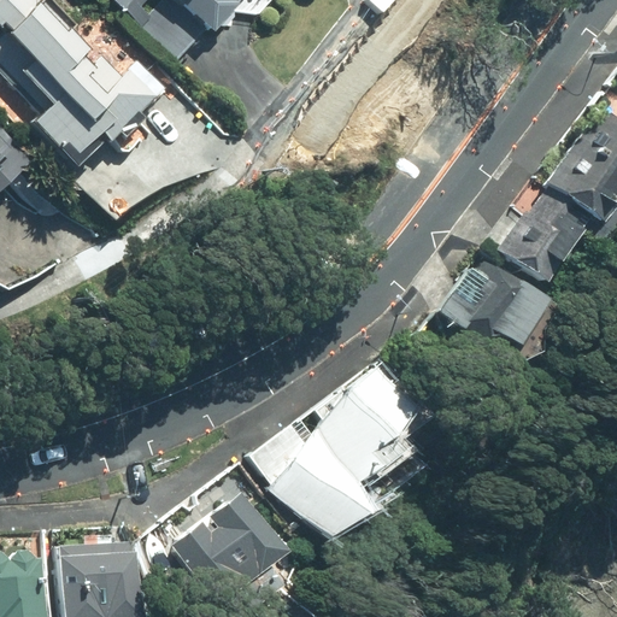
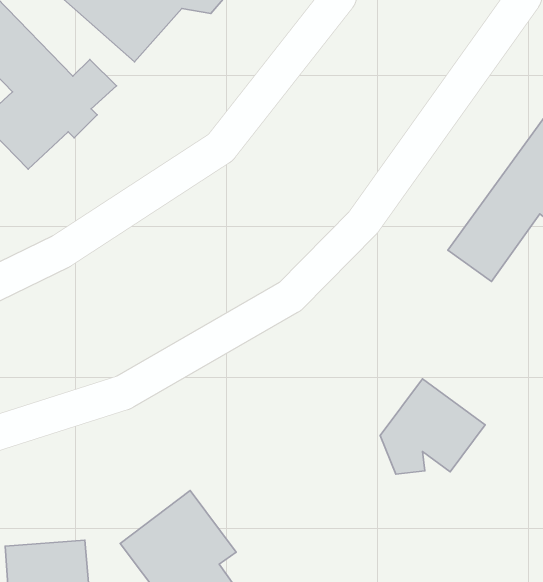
building: [439,255,543,351] -> [380,379,485,474]
building: [247,365,411,537] -> none

